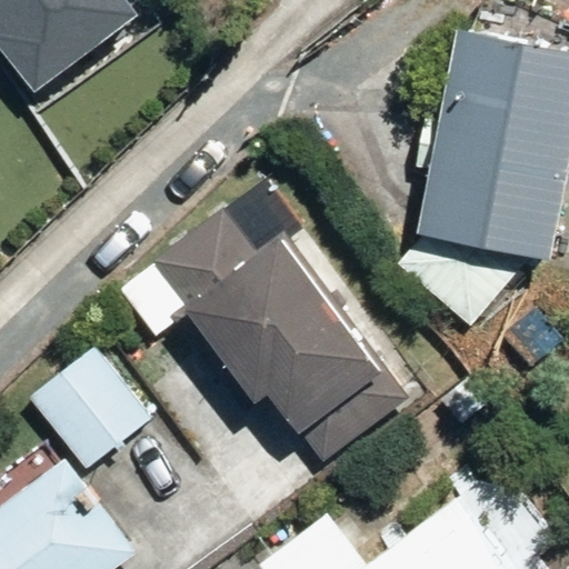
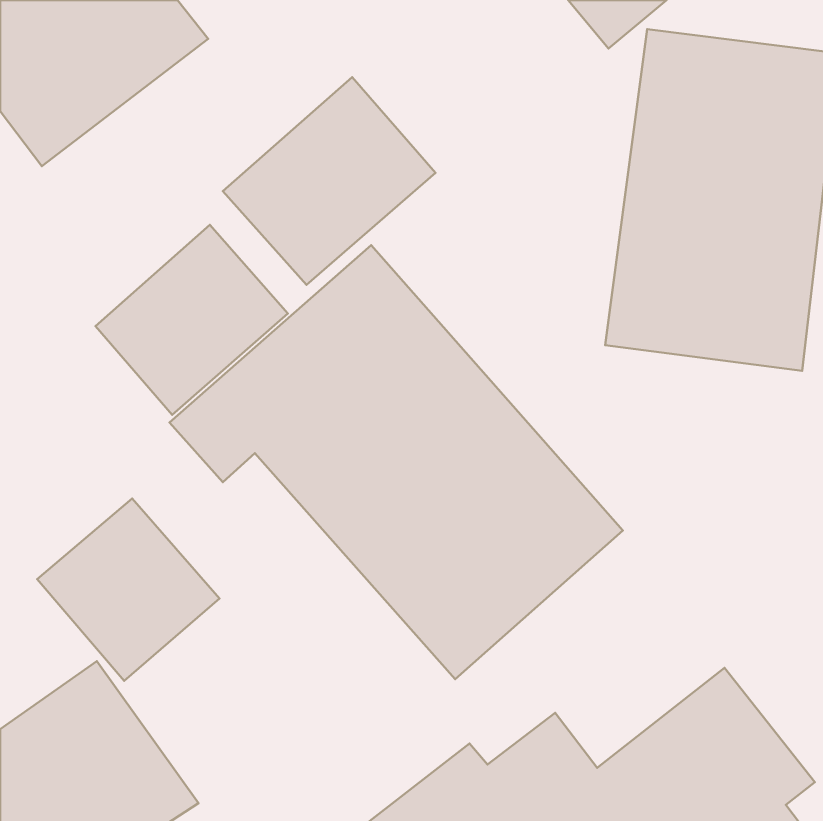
building: none -> [223,77,435,285]
building: none -> [96,225,288,415]

